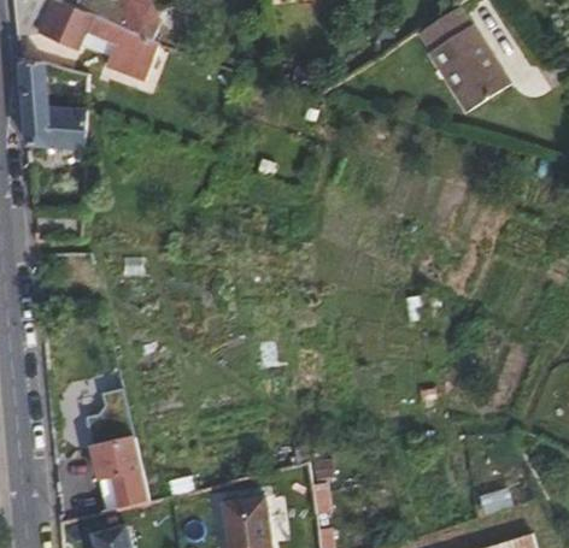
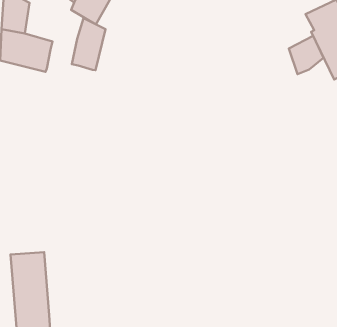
building: none -> [289,36,324,74]
building: none -> [72,18,106,70]

